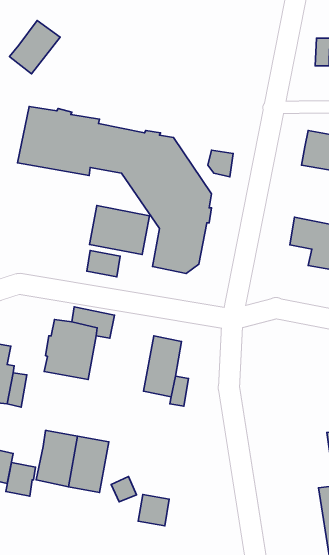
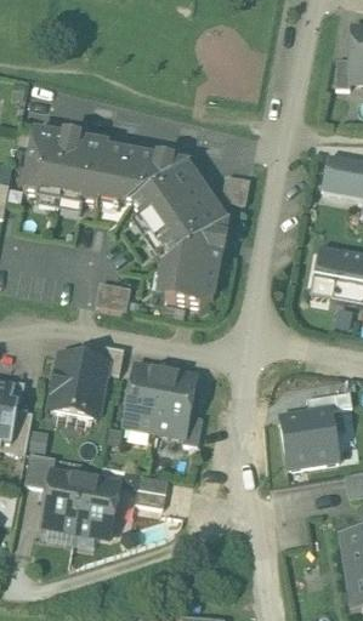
building: [9,20,60,74] -> none
building: [89,206,149,255] -> none
building: none -> [124,365,165,428]
building: none -> [282,409,342,467]
building: [6,463,36,496] -> [23,451,55,486]
building: [138,495,169,526] -> [135,473,168,506]

